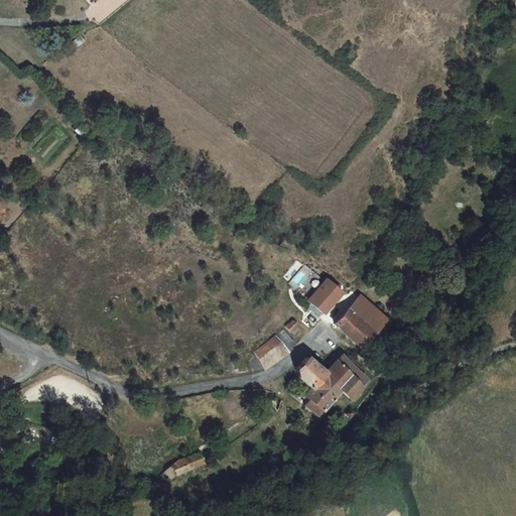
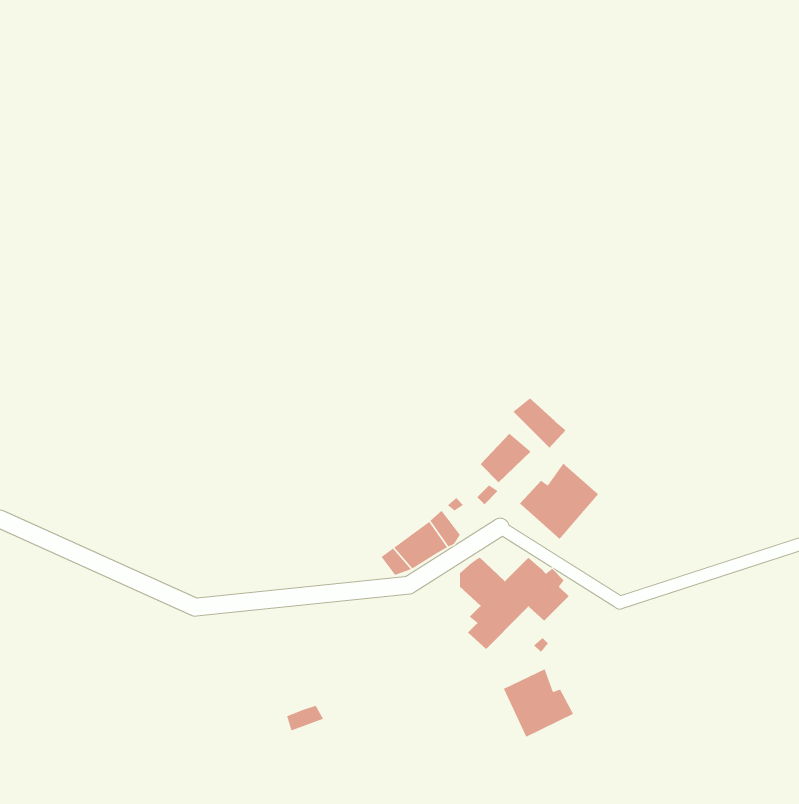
building: none -> [512,398,567,449]
building: none -> [503,668,574,738]

